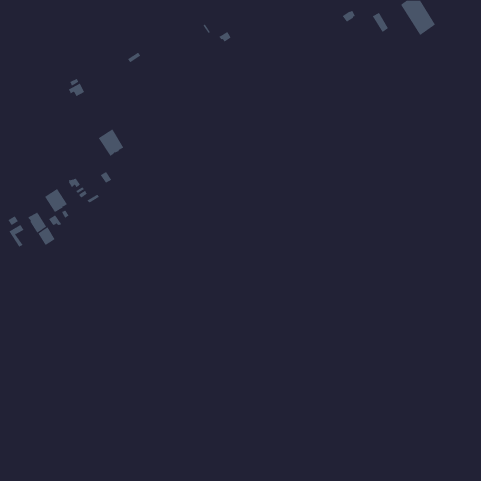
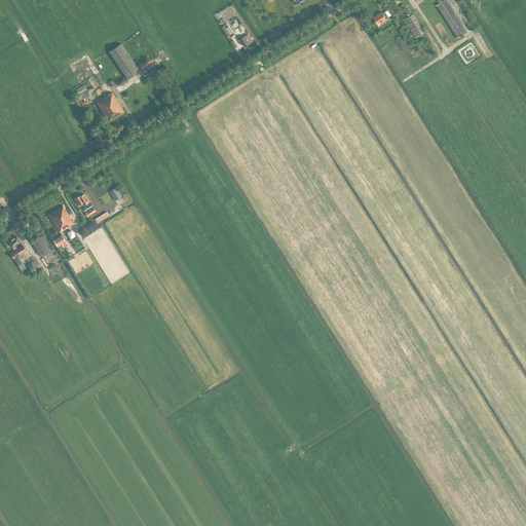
building: none -> [109,43,140,79]
building: [98,129,124,157] -> [96,91,124,122]

